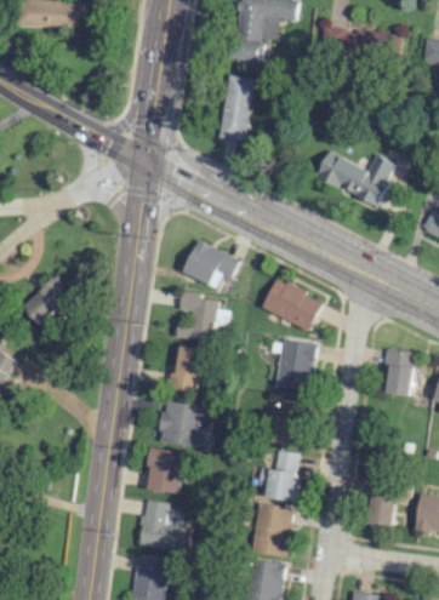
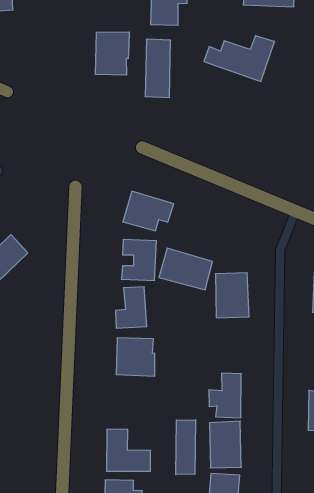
building: none -> [95,32,129,75]
building: [317,154,397,205] -> [204,36,275,81]
building: [261,279,321,328] -> [159,248,212,290]
building: [270,399,302,445] -> none
building: [144,446,182,493] -> none
building: none -> [176,420,195,475]

